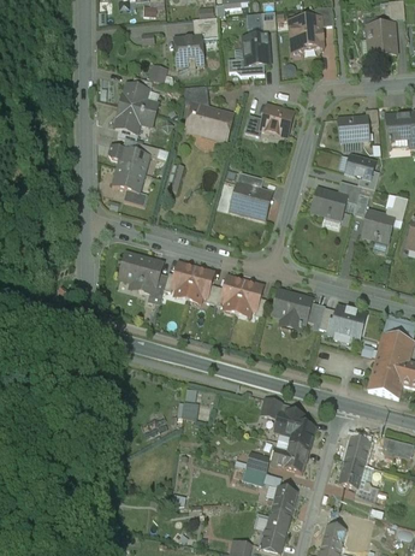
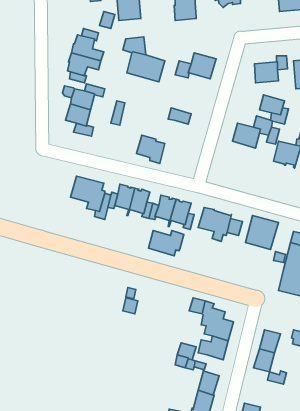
building: [236,187,269,220] -> [137,135,165,163]
building: none -> [148,230,184,256]

